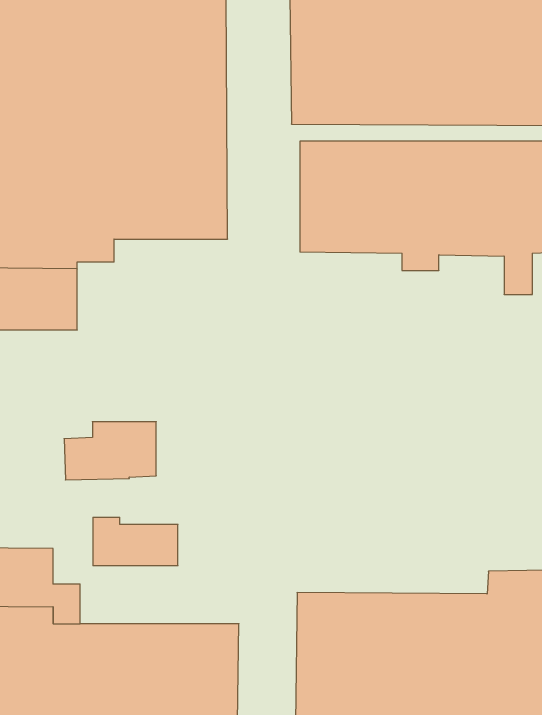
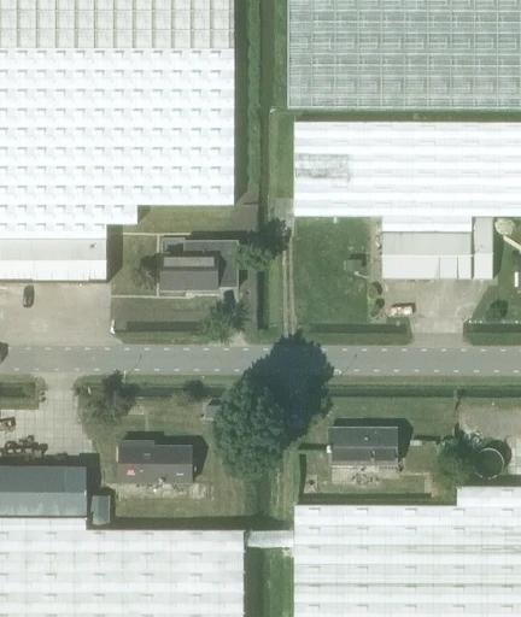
building: none -> [381,218,491,278]
building: [64,422,156,480] -> [159,241,238,290]
building: none -> [329,428,394,477]

